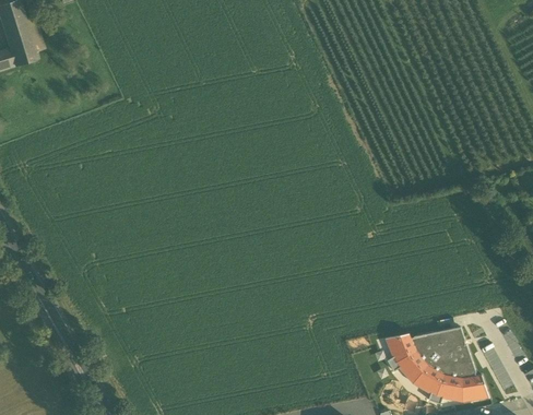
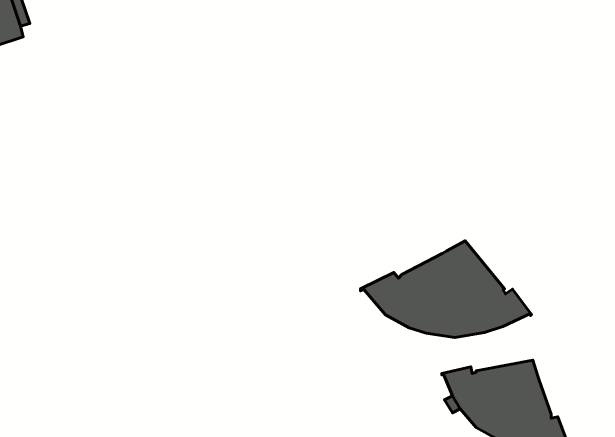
building: none -> [361,241,532,337]

